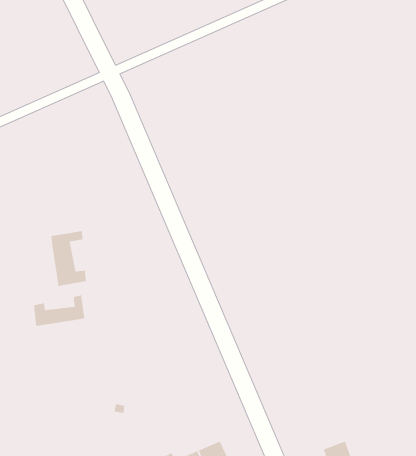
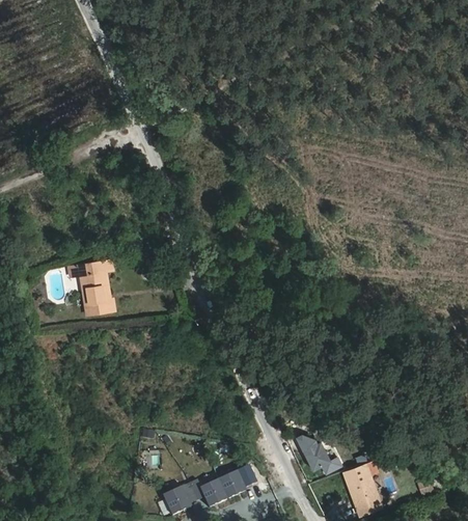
building: [33,295,85,327] -> none
building: none -> [304,443,331,471]

